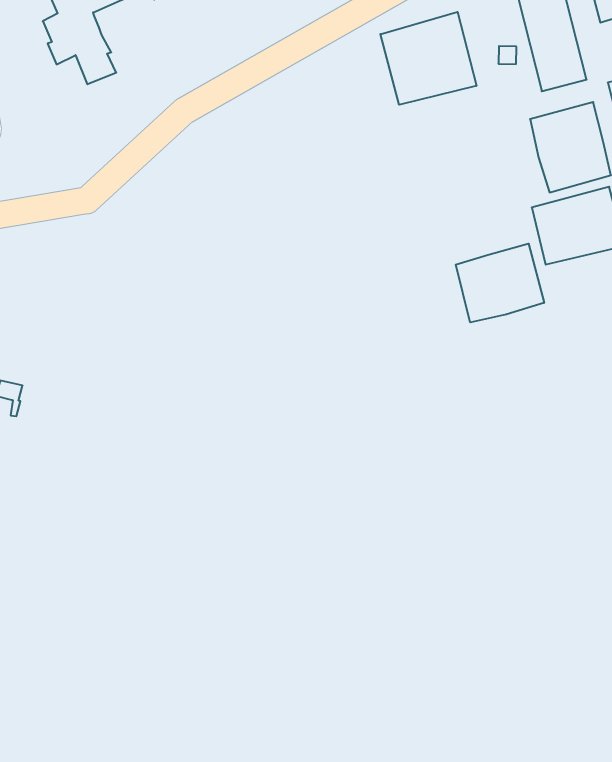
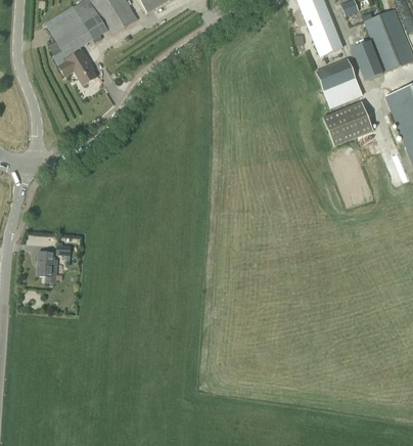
building: [380,12,476,105] -> none
building: [456,244,544,322] -> none

